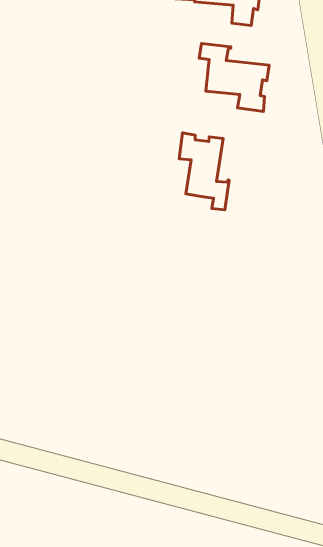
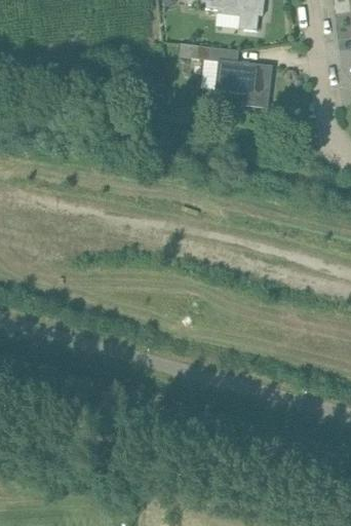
building: [179,133,229,210] -> none

